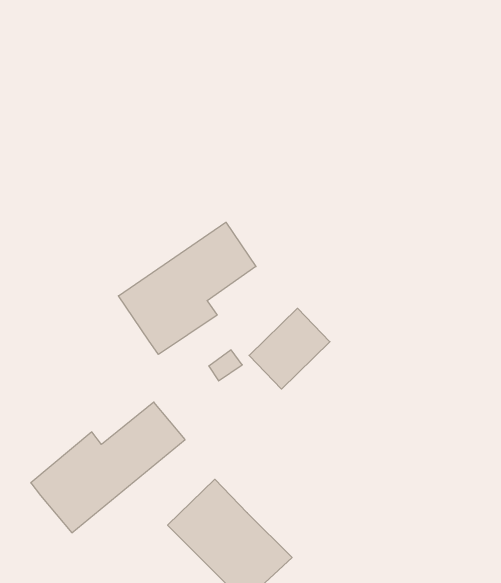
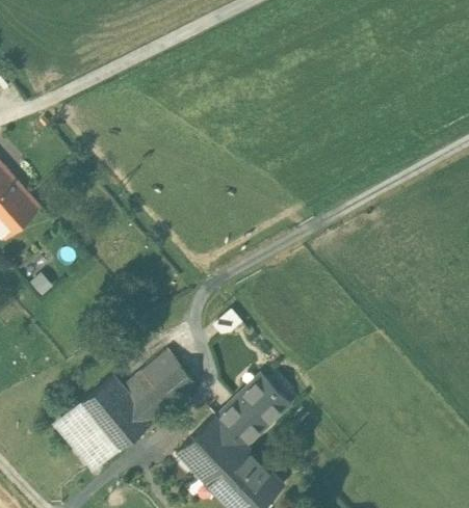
building: [118,222,256,354] -> none
building: [249,308,330,389] -> [218,377,286,445]

